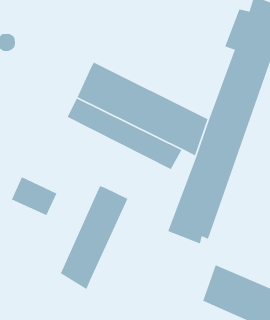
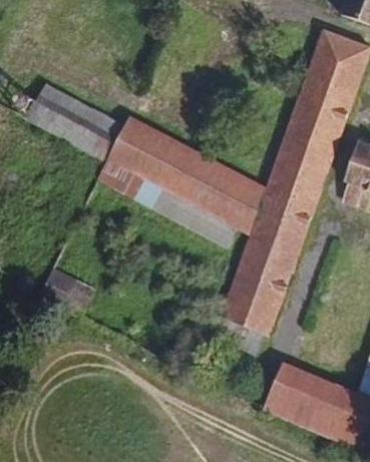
building: none -> [30,83,124,158]
building: [60,185,128,290] -> none

